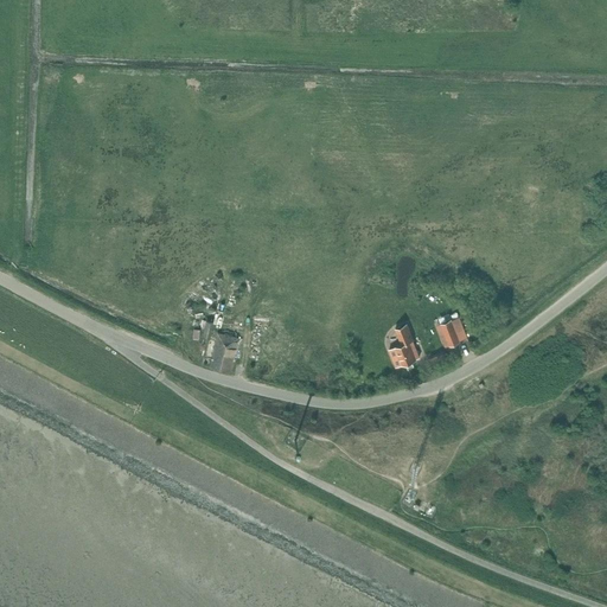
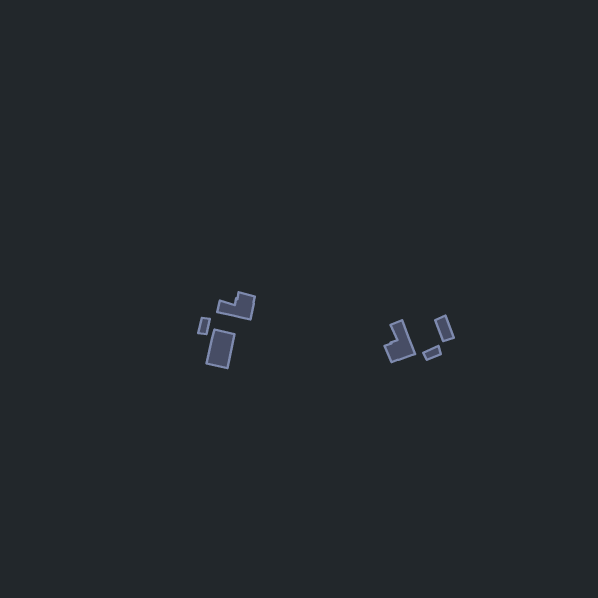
building: none -> [217,292,255,320]

